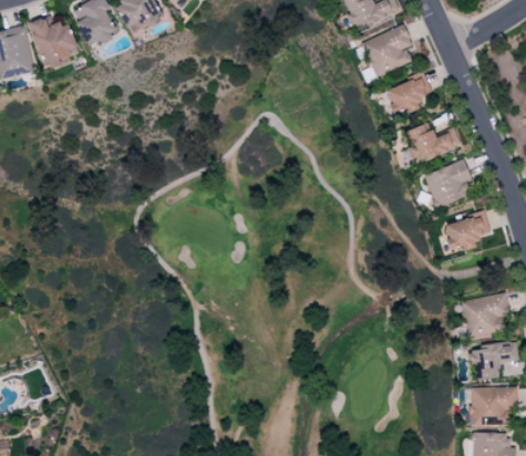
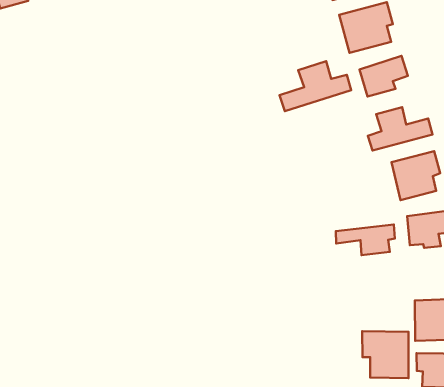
building: none -> [280,61,351,111]
building: none -> [336,224,395,255]
building: none -> [362,331,409,378]

